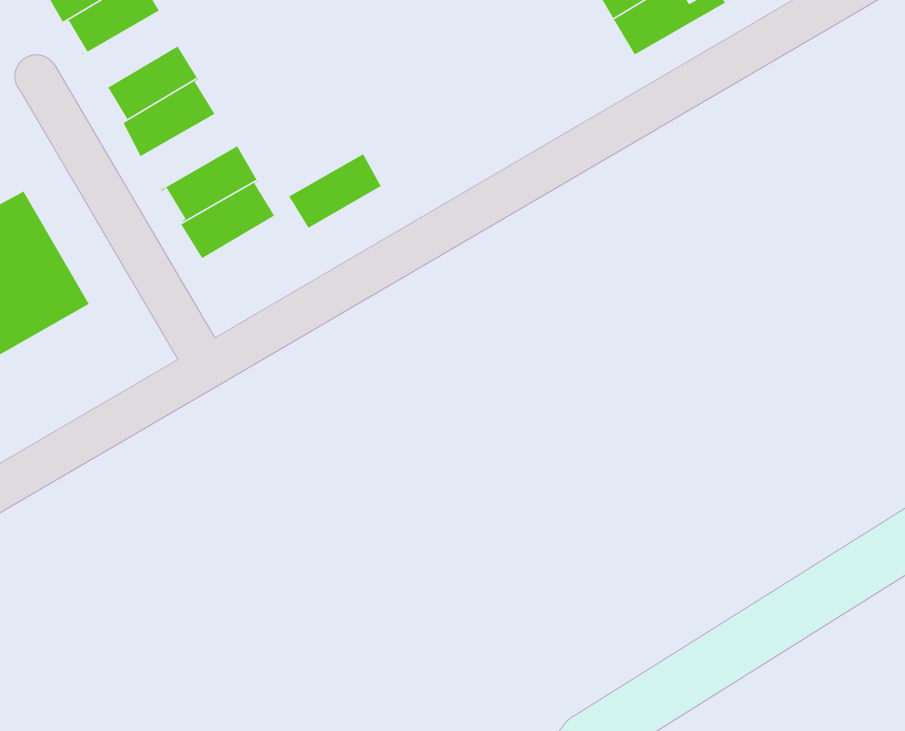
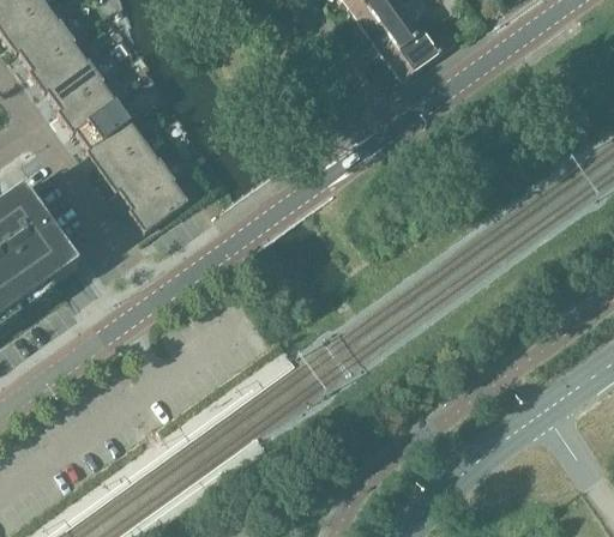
building: none -> [56,73,115,126]
building: [288,153,386,229] -> [98,134,158,185]

